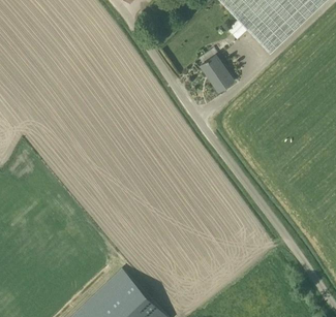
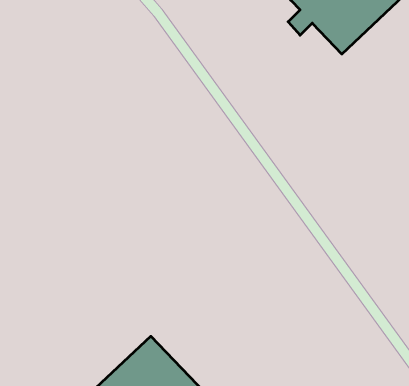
building: [201,54,234,90] -> none

